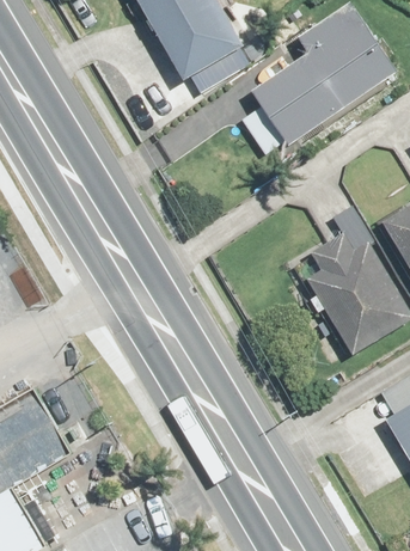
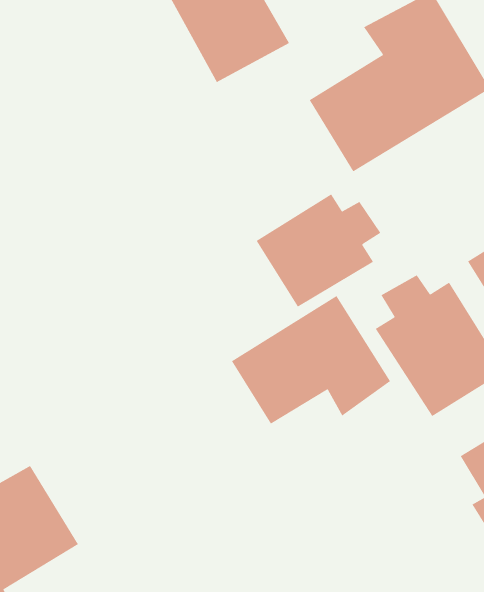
building: none -> [256,193,381,308]
building: none -> [231,295,391,425]

